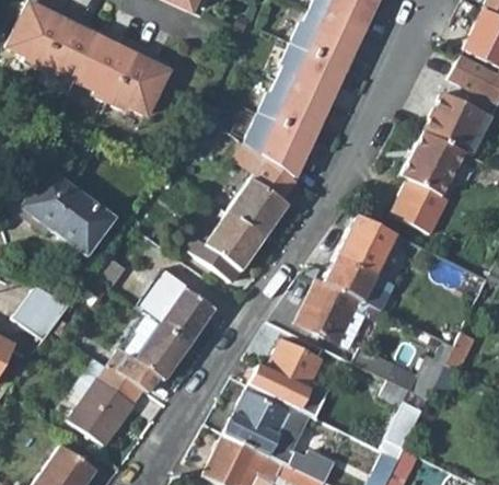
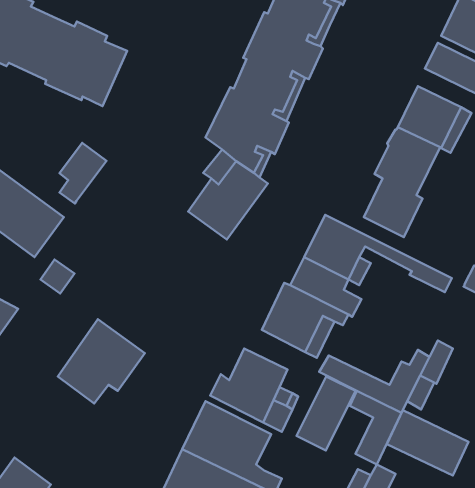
building: none -> [59,143,106,204]
building: [188,212,264,281] -> none
building: [132,272,212,345] -> none
building: [67,359,140,447] -> none
building: none -> [296,376,355,450]
building: none -> [387,410,468,476]

